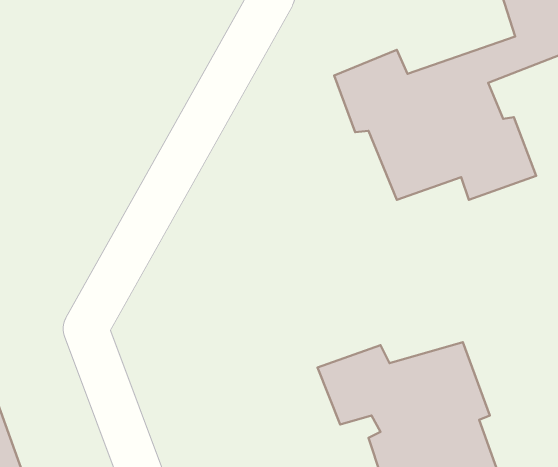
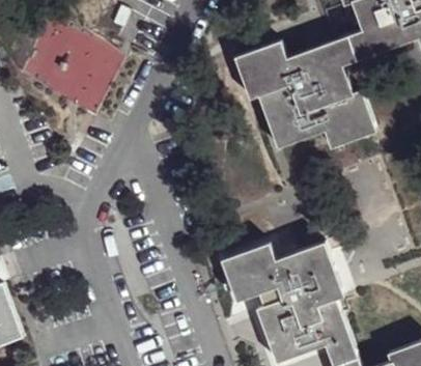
building: none -> [19,20,119,109]

